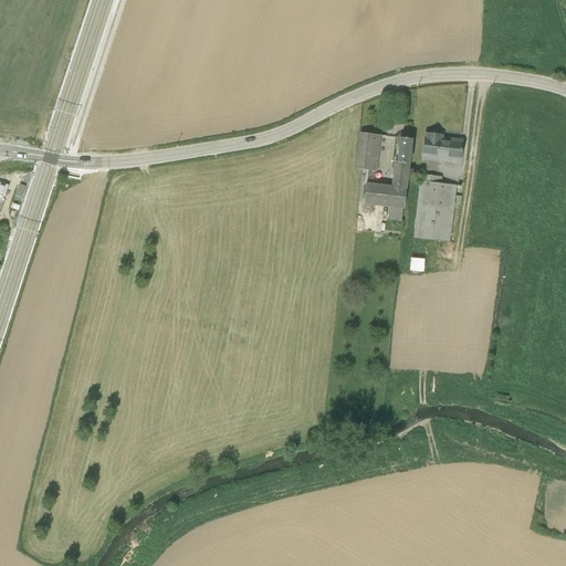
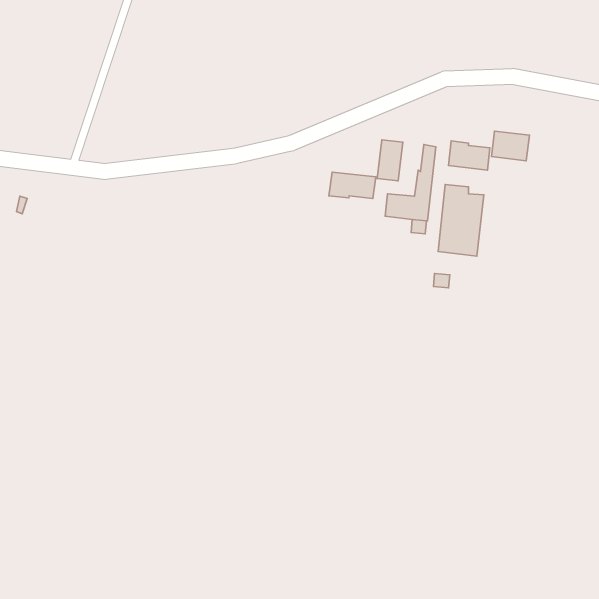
building: none -> [491,131,529,161]
building: none -> [329,172,376,199]

